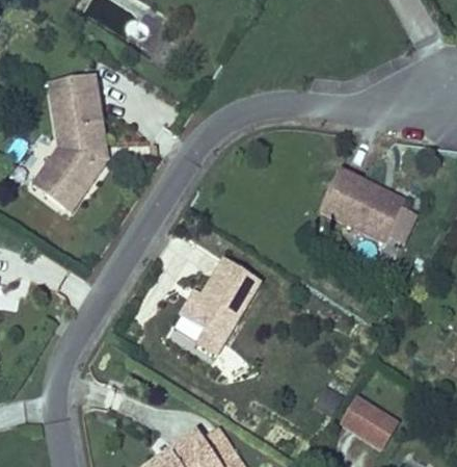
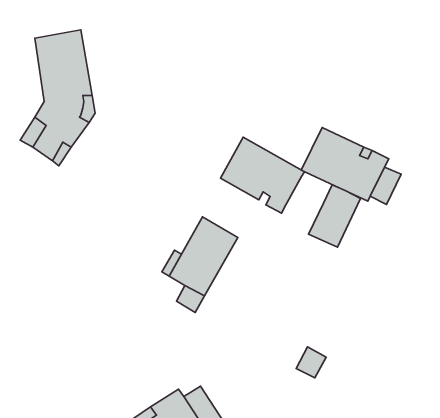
building: none -> [220,137,304,213]
building: none -> [309,185,360,247]
building: [337,397,397,451] -> none

